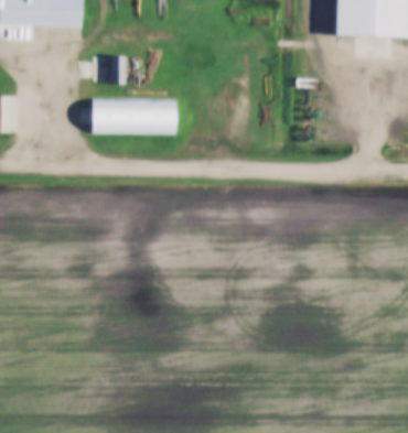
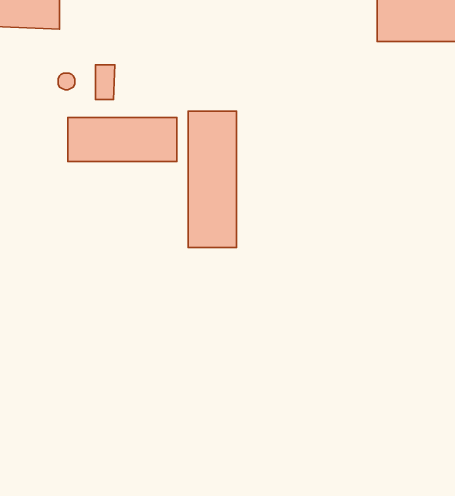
building: none -> [188,111,236,247]

